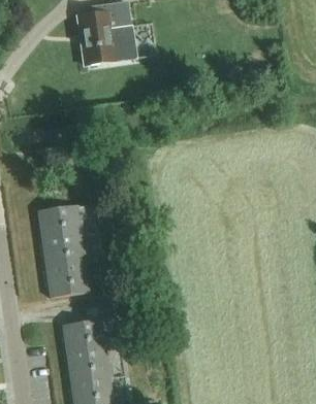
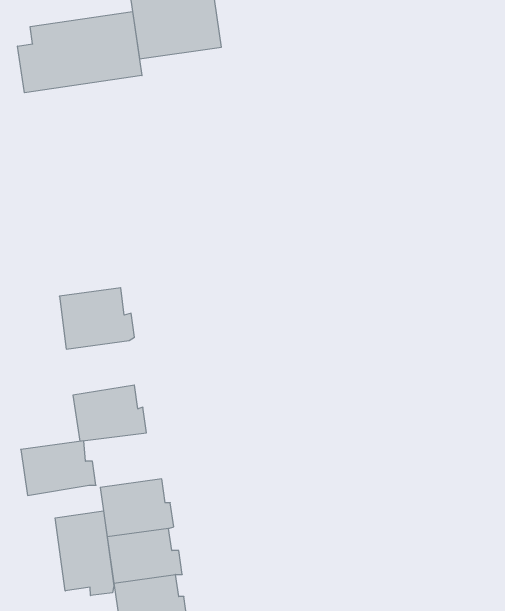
building: none -> [18,12,142,93]
building: [42,237,88,270] -> [21,441,96,495]
building: none -> [55,511,114,596]

